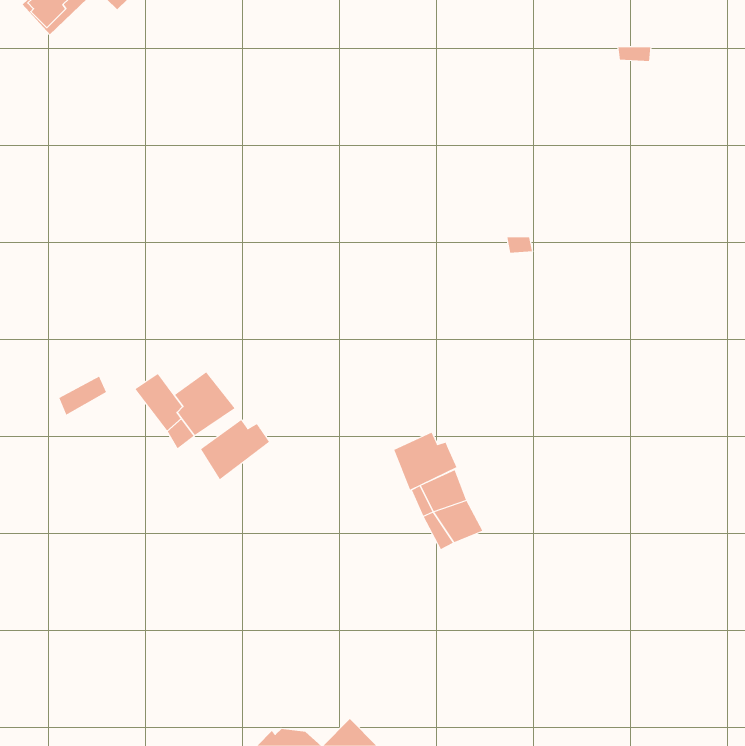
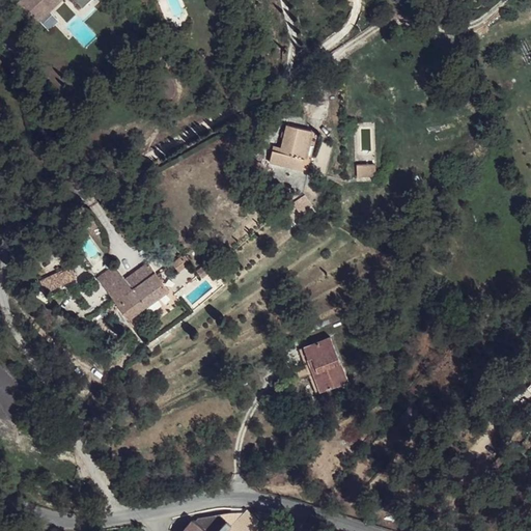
building: none -> [269,130,316,177]
building: [200,419,270,480] -> none
building: [393,432,457,491] -> none

